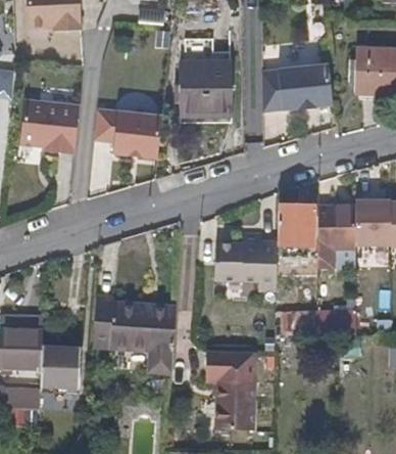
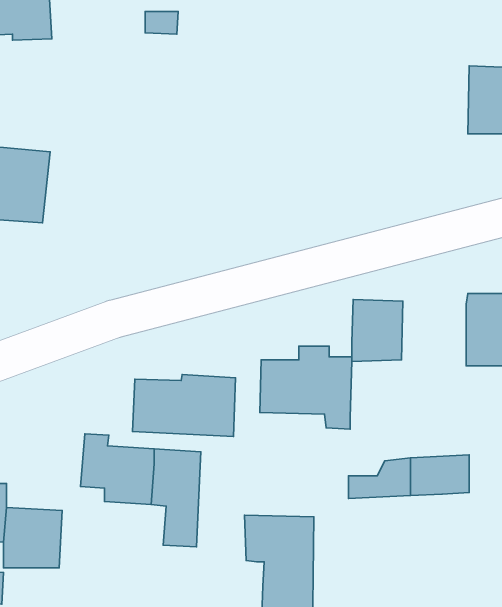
building: [259,60,331,110] -> none
building: [178,61,233,114] -> none
building: [87,107,161,158] -> none
building: [318,208,355,269] -> none
building: none -> [132,374,235,436]

